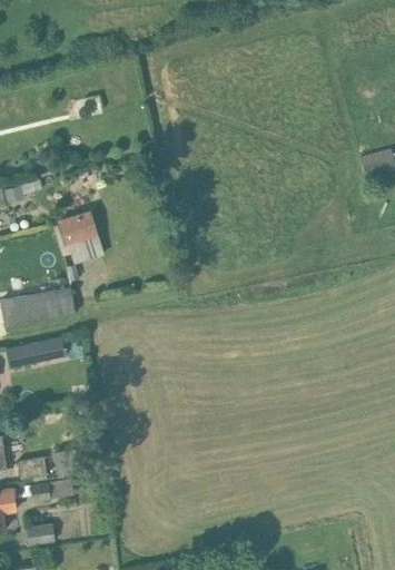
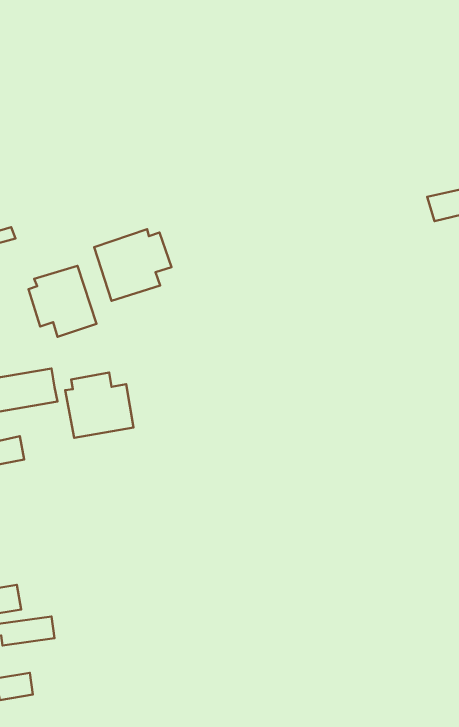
building: none -> [94,229,172,301]
building: none -> [65,372,133,438]

